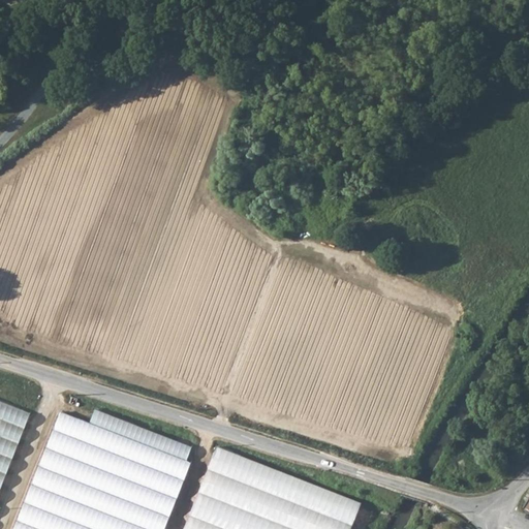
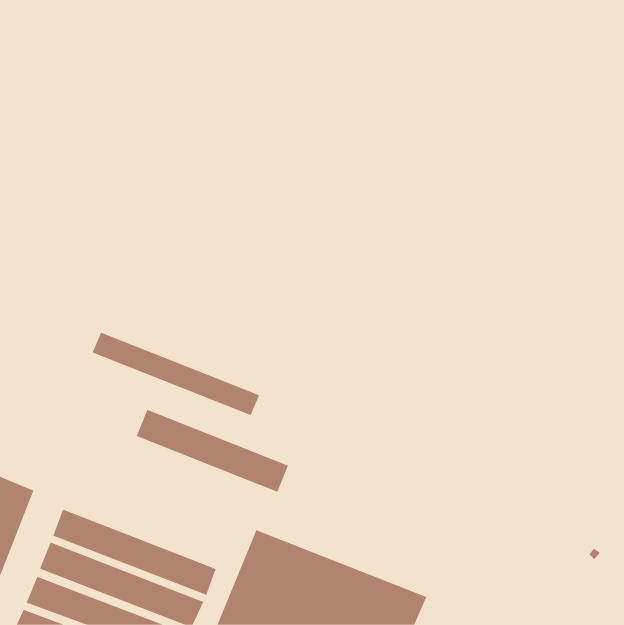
building: none -> [92,332,260,416]
building: [60,403,189,473] -> [136,409,289,492]

